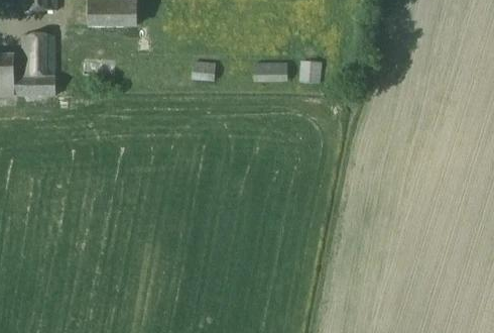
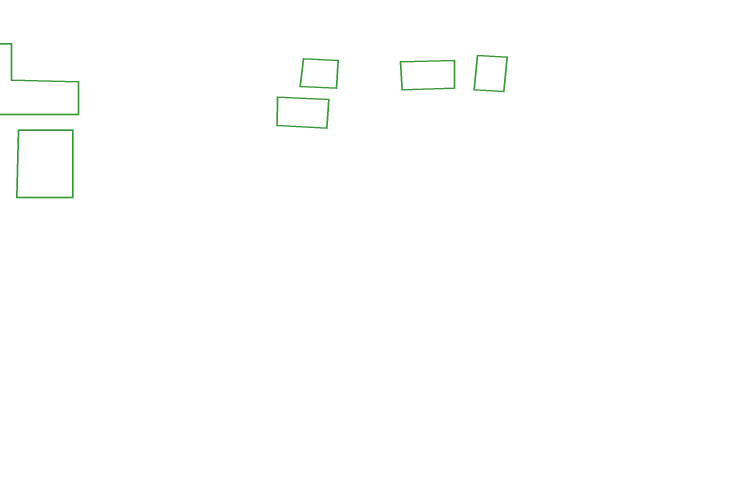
building: [20,31,54,73] -> [17,130,73,197]
building: none -> [277,97,329,128]

